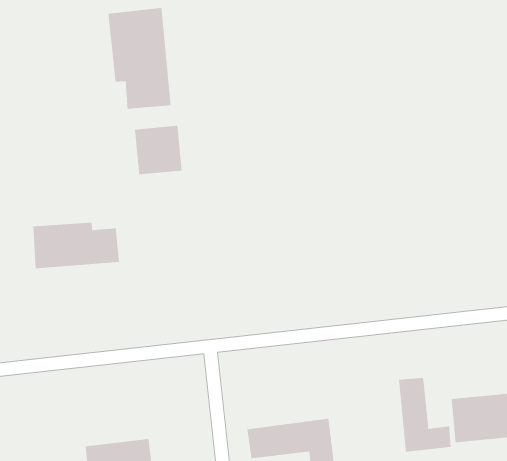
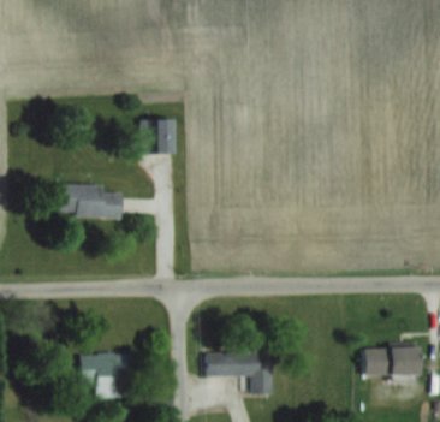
building: [108,7,171,109] -> none
building: [398,377,451,452] -> none

